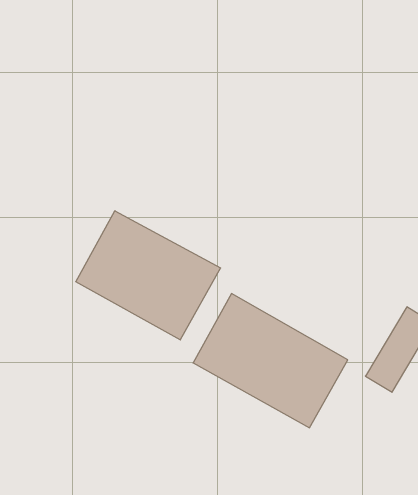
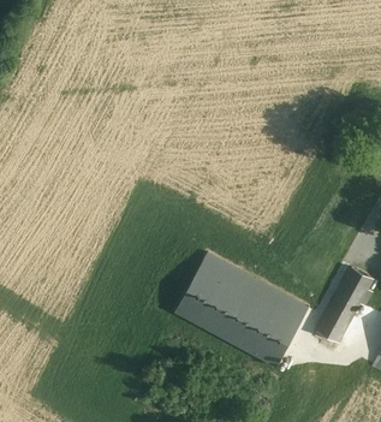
building: [76,211,221,340] -> none

